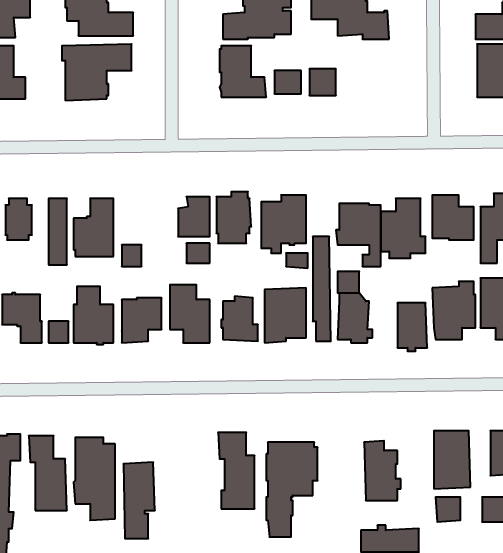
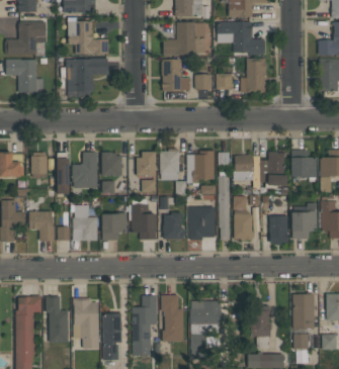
building: none -> [241,59,267,93]
building: none -> [102,153,123,176]
building: none -> [133,295,158,356]

